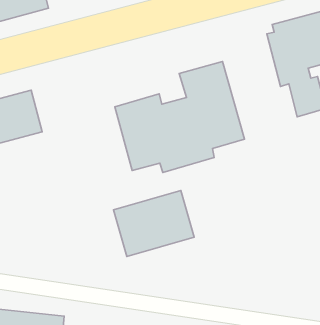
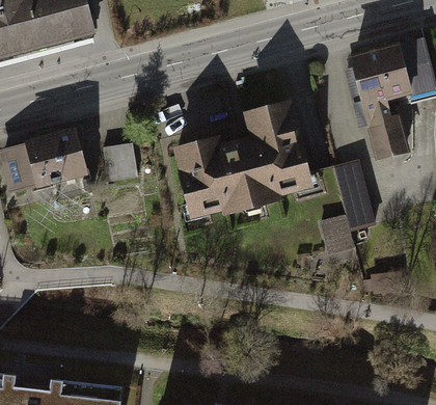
building: none -> [105,138,139,181]
building: none -> [319,157,379,253]
building: [114,191,194,257] -> none

